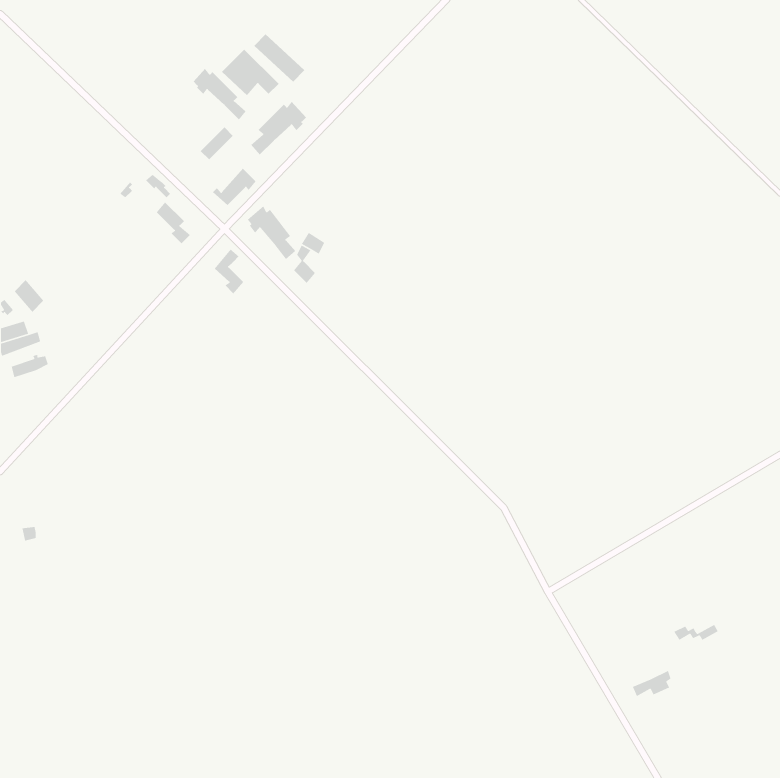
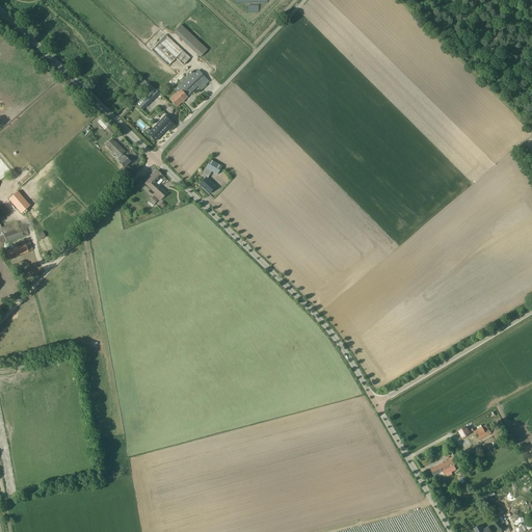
building: [193,68,246,120] -> none
building: [247,205,296,260] -> none

